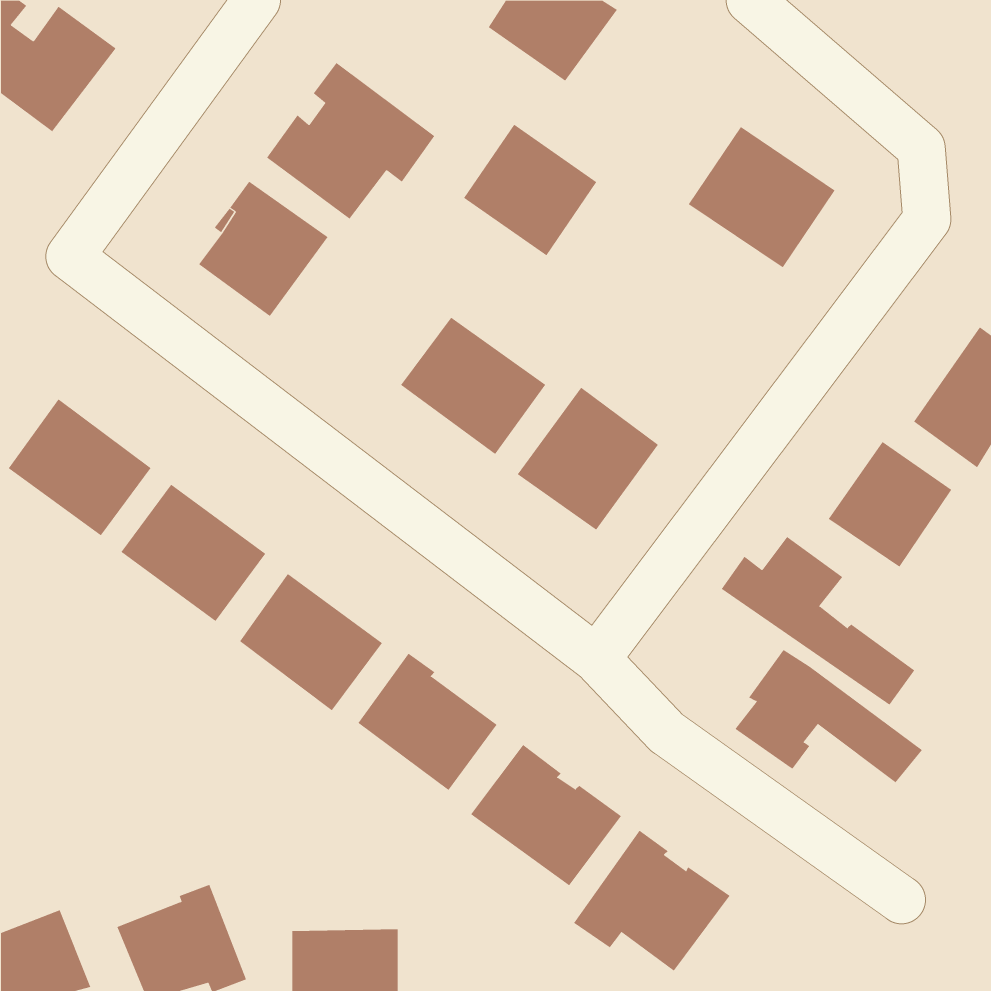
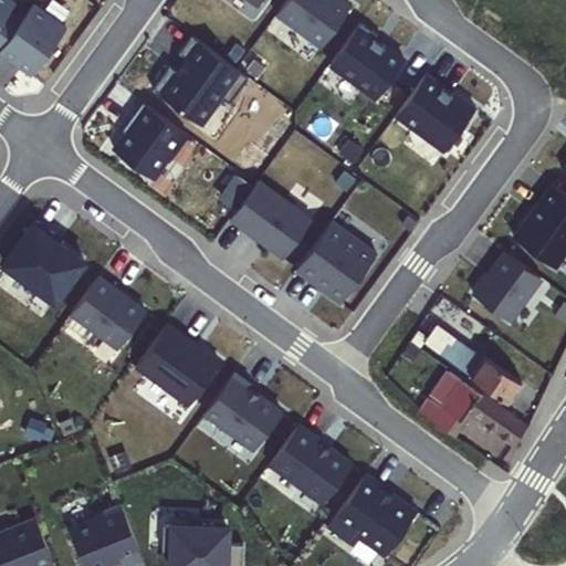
building: [463,124,597,256] -> [329,25,406,101]

